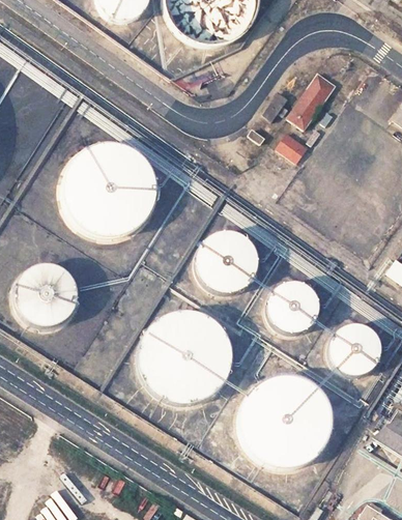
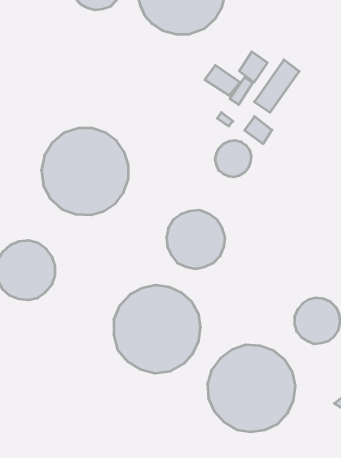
building: none -> [239,52,267,82]
building: none -> [205,65,240,96]
building: none -> [215,140,251,177]
building: [266,282,318,333] -> none

